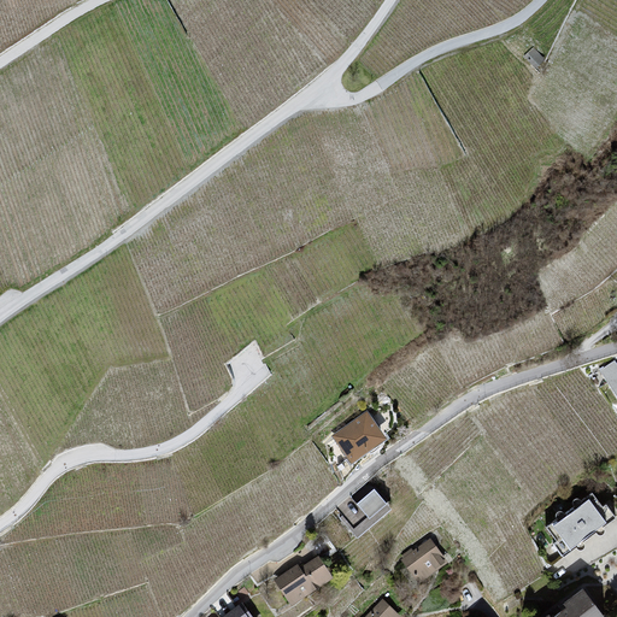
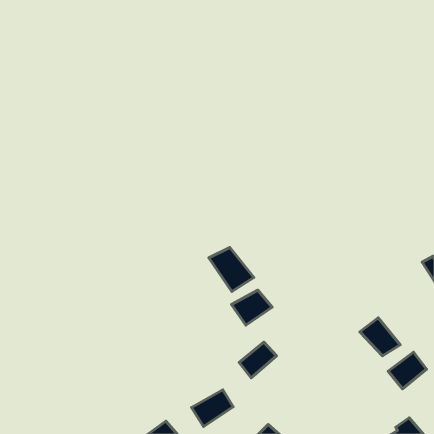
building: none -> [209,247,254,292]
building: none -> [360,318,400,356]
building: [398,541,448,586] -> none

